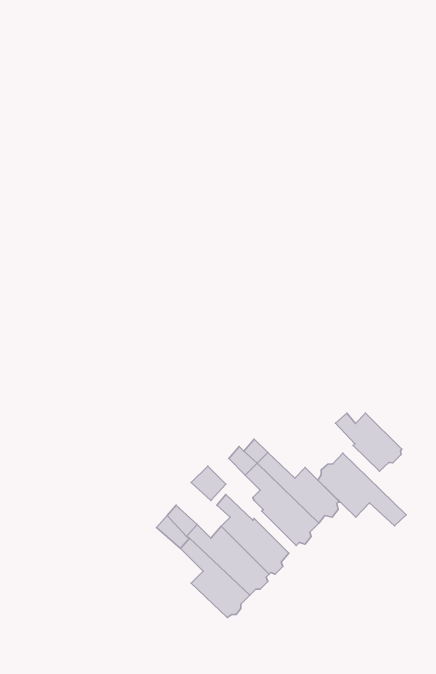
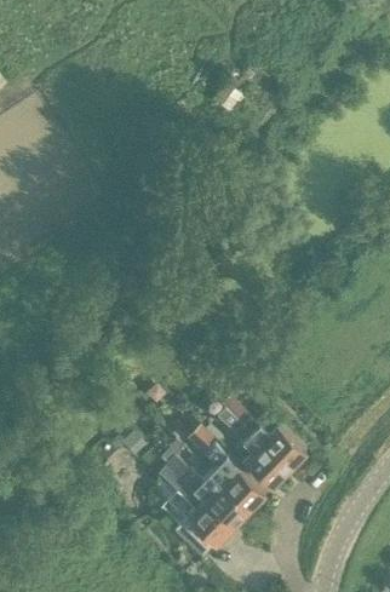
building: [336,413,402,471] -> none
building: [318,453,406,526] -> none

